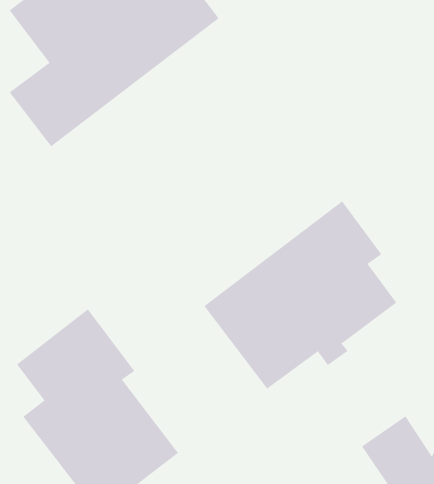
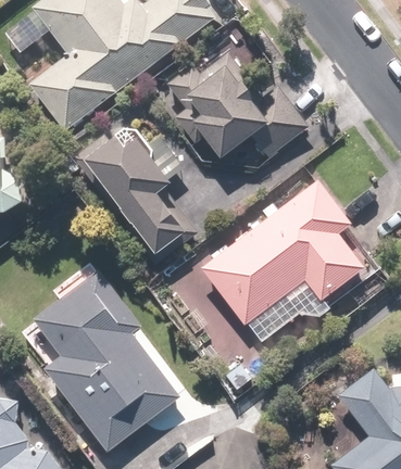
building: none -> [161,55,305,159]
building: none -> [79,123,188,254]

